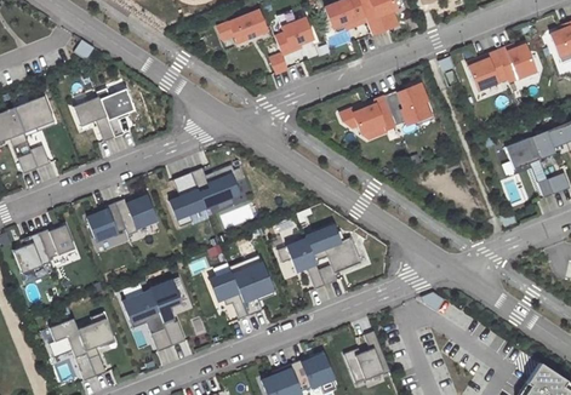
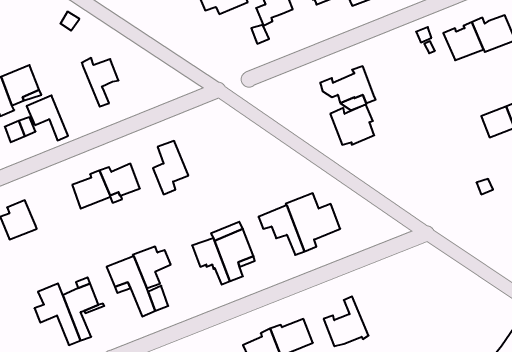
building: [383,86,428,127] -> [330,104,374,145]
building: [72,96,114,142] -> [27,95,68,140]
building: [190,167,233,207] -> none
building: [38,224,74,258] -> none

